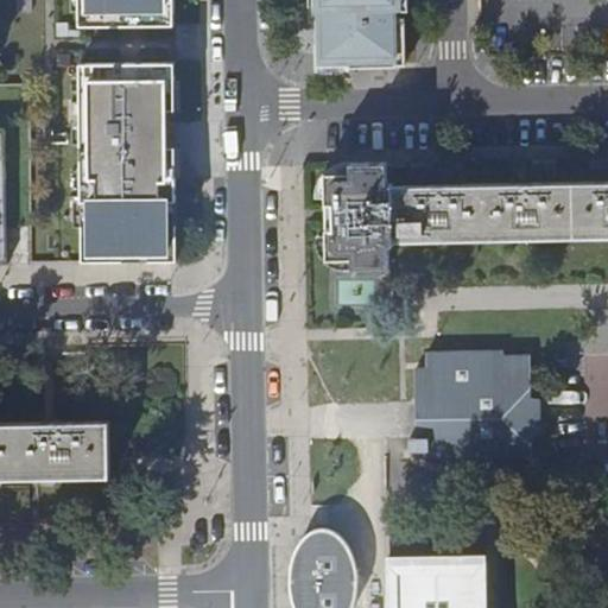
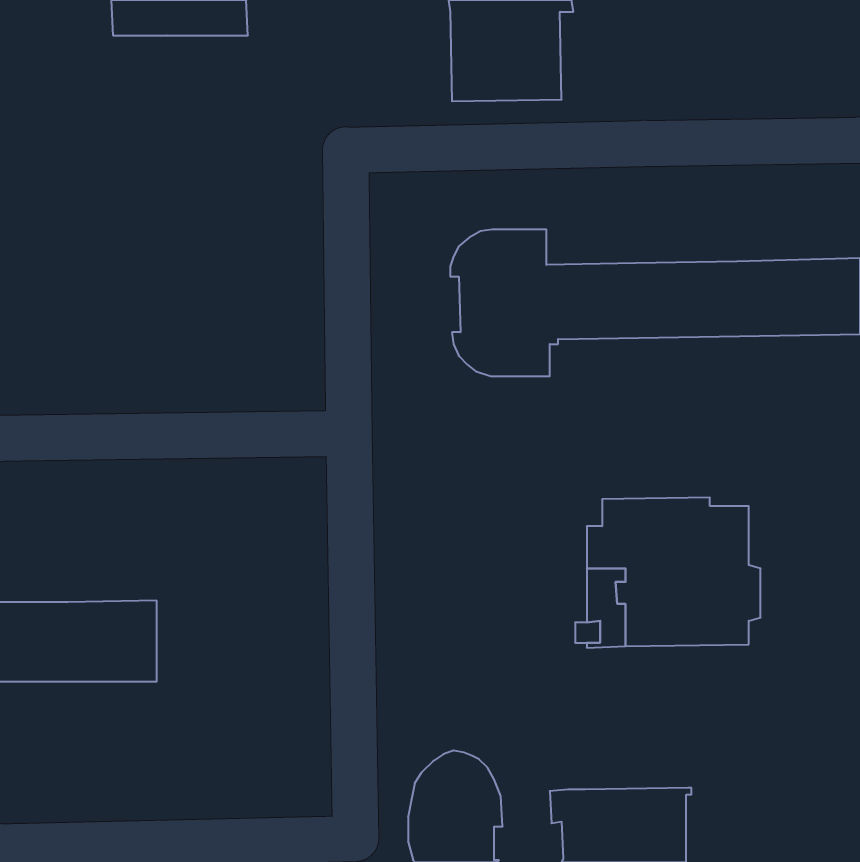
building: [80,59,178,261] -> none

